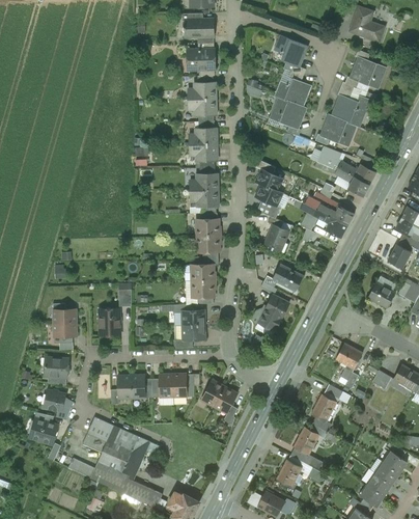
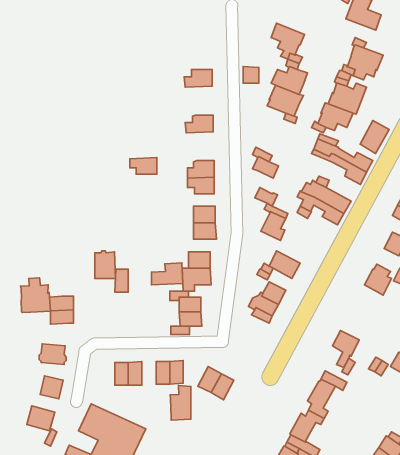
building: [184,20,215,37] -> none
building: [188,49,215,71] -> none
building: [189,99,216,115] -> none
building: none -> [360,120,389,154]
building: [190,144,217,161] -> [130,158,157,174]
building: [256,184,289,209] -> none
building: none -> [152,263,183,285]
building: none -> [21,278,51,313]
building: [100,307,120,335] -> [95,251,115,279]
building: none -> [170,386,191,420]

